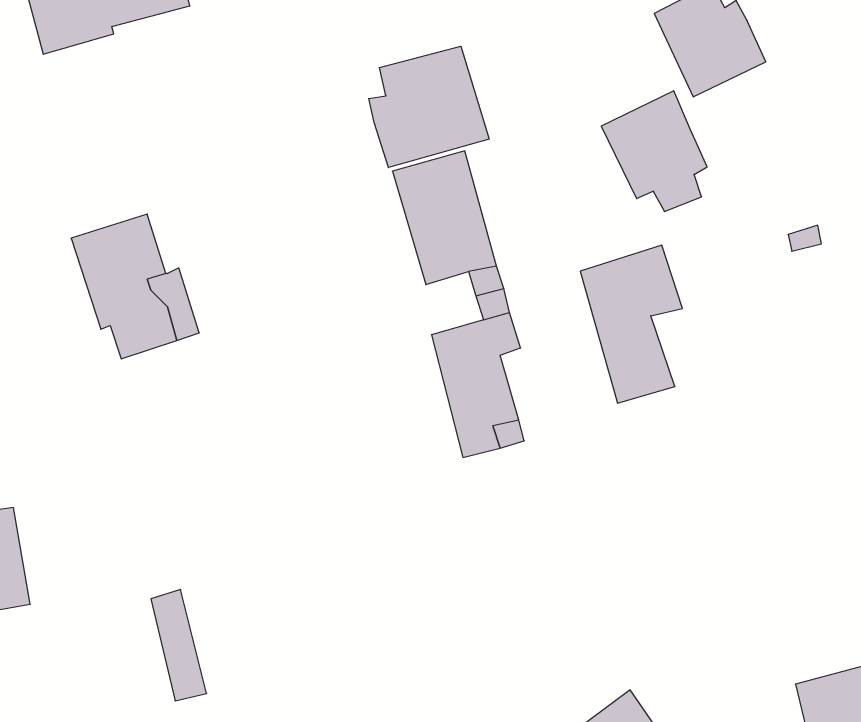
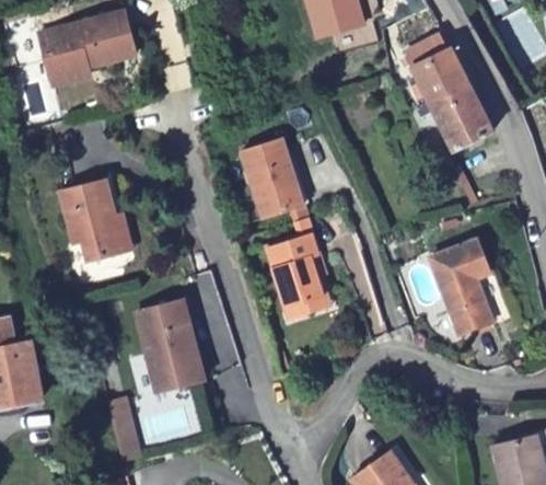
building: [369,46,489,168] -> none
building: [601,91,707,212] -> [427,83,489,154]
building: [580,245,682,403] -> [432,245,492,338]
building: none -> [139,303,200,391]

